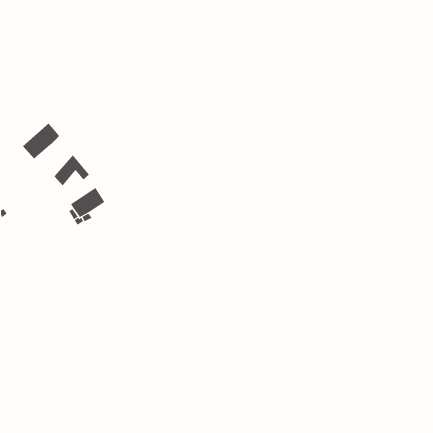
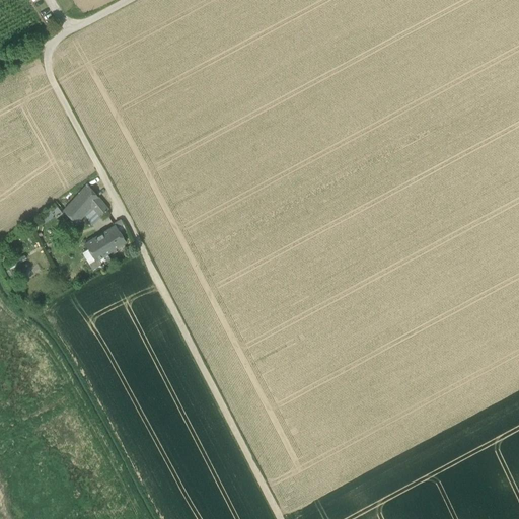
building: [22,123,61,159] -> none

